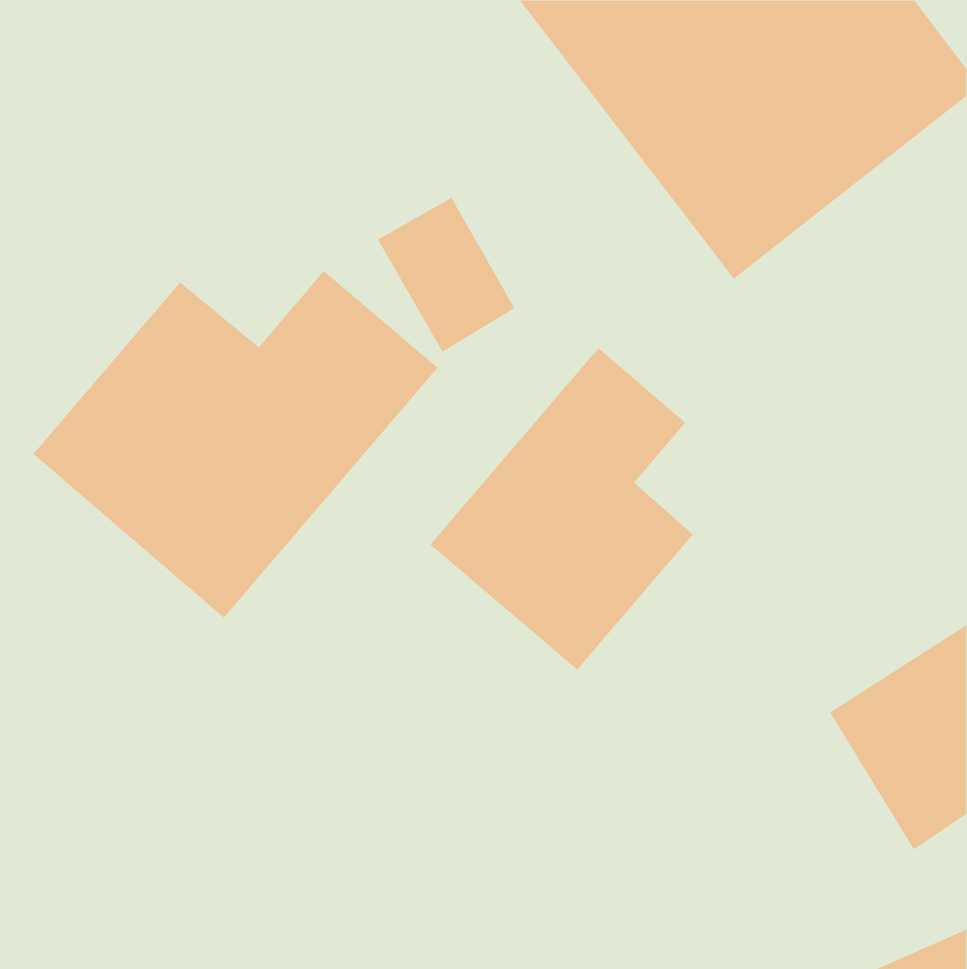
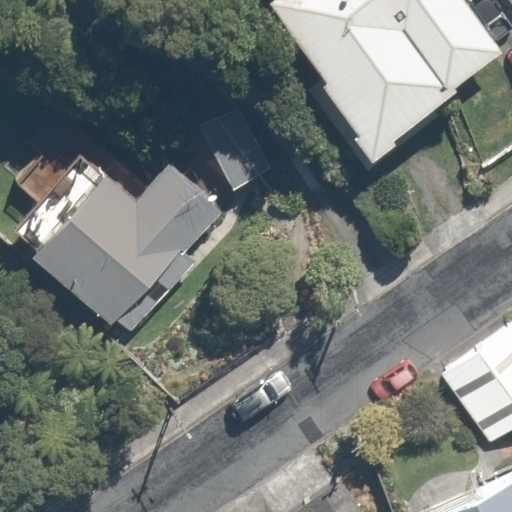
building: [430,347,693,670] -> none

